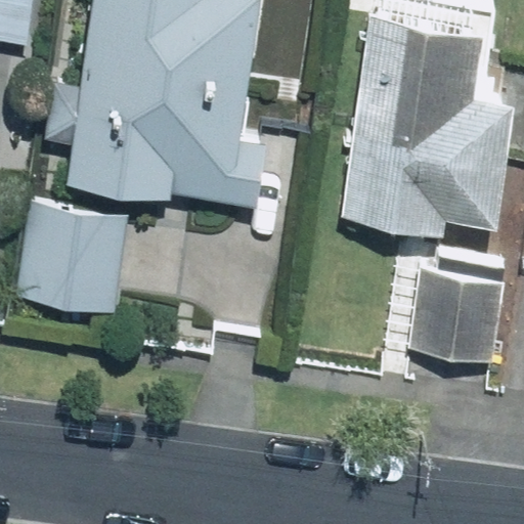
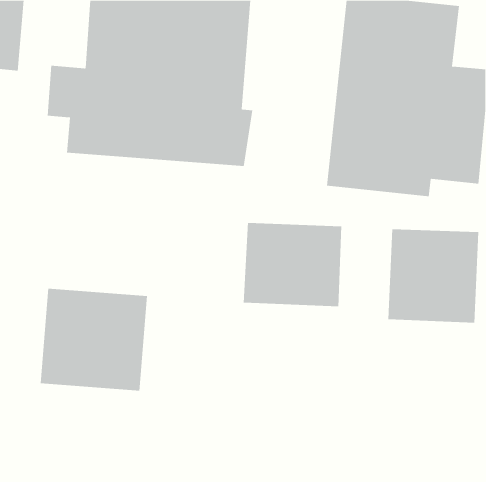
building: [14,200,128,308] -> [40,288,148,391]
building: none -> [243,222,342,307]

